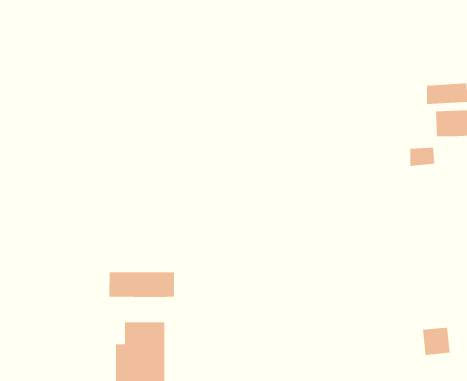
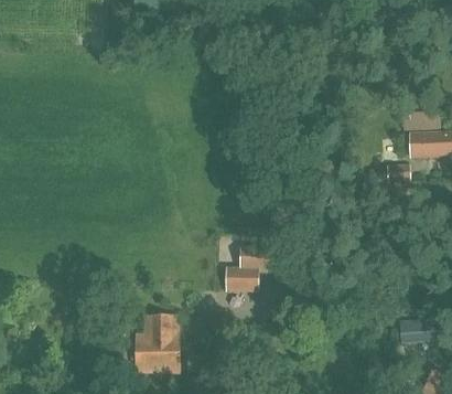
building: none -> [226,245,272,290]
building: [109,271,175,298] -> none

